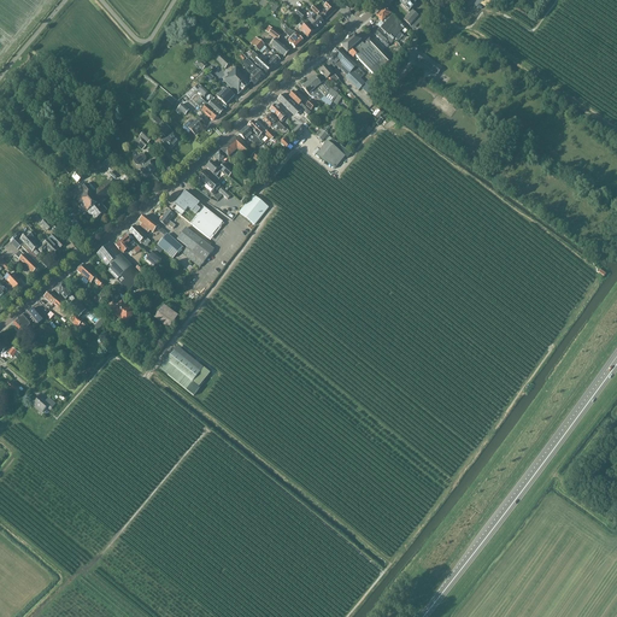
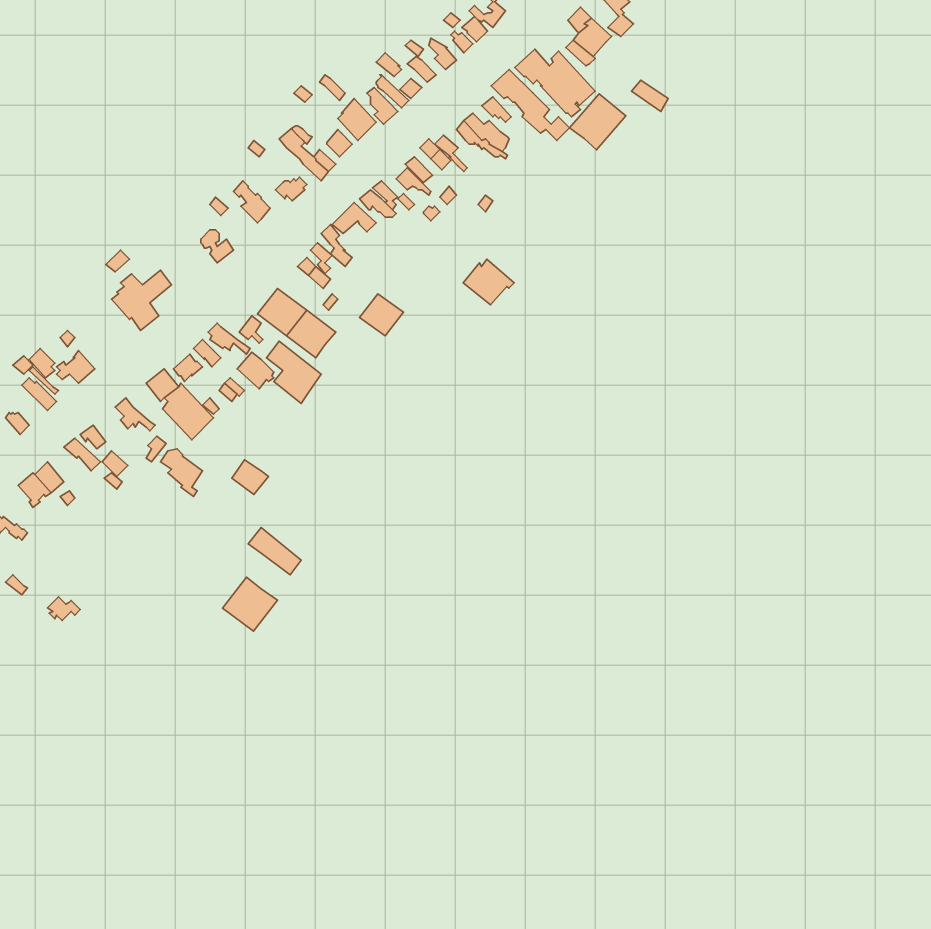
building: none -> [570,94,626,150]
building: [316,136,349,166] -> [463,259,514,305]
building: none -> [223,577,277,631]

